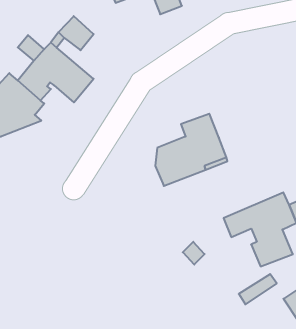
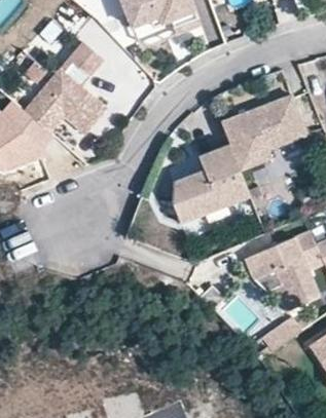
building: none -> [222,96,307,170]

